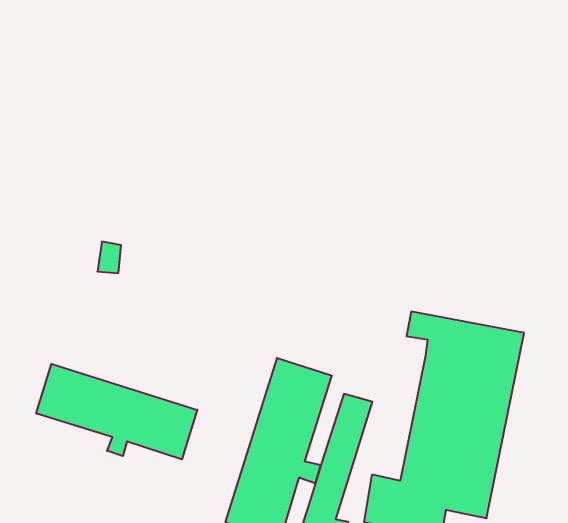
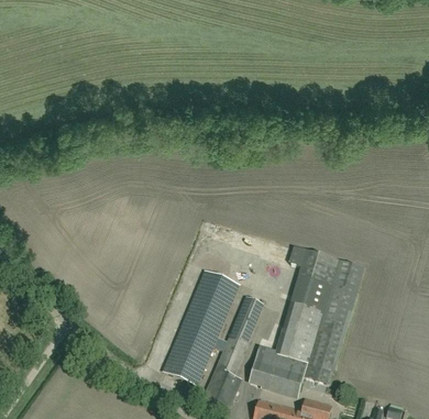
building: [36,364,197,459] -> none

